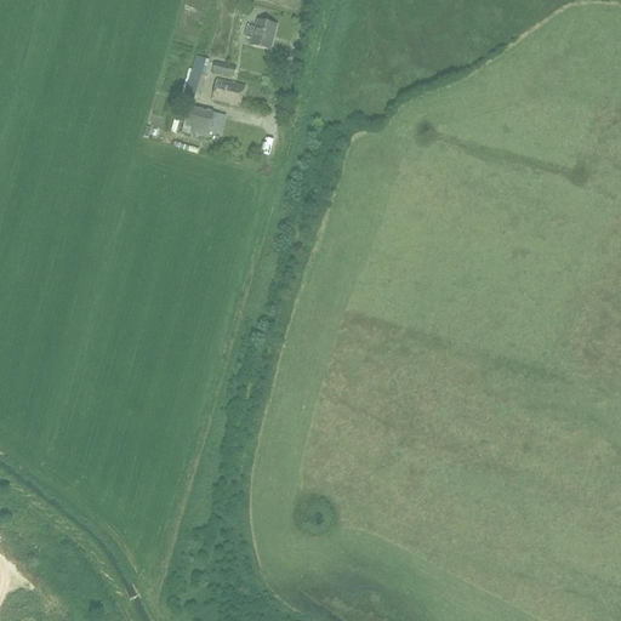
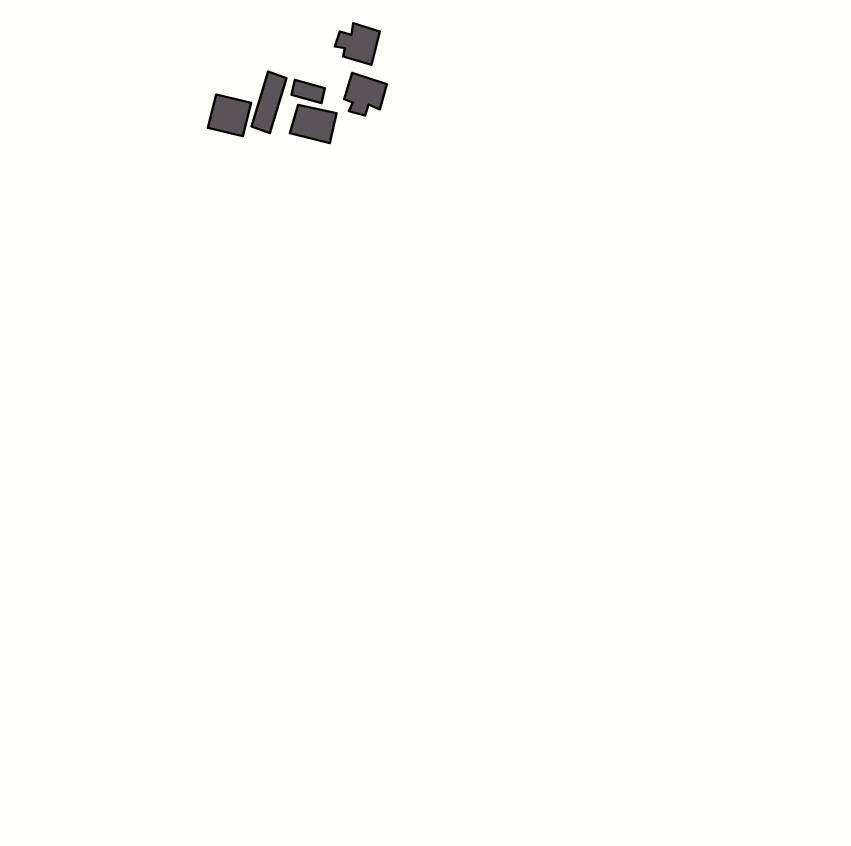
building: none -> [344,73,387,115]
building: [182,104,213,135] -> [208,95,251,136]

